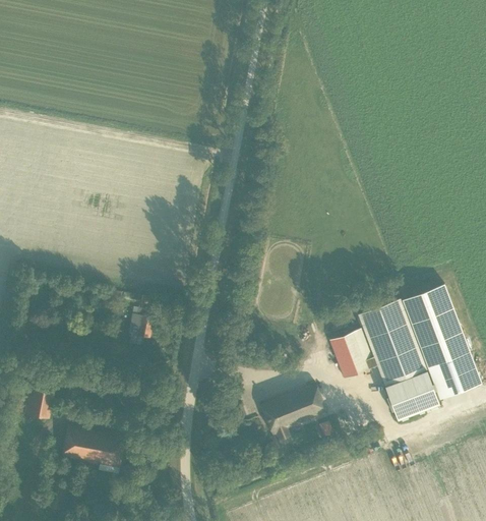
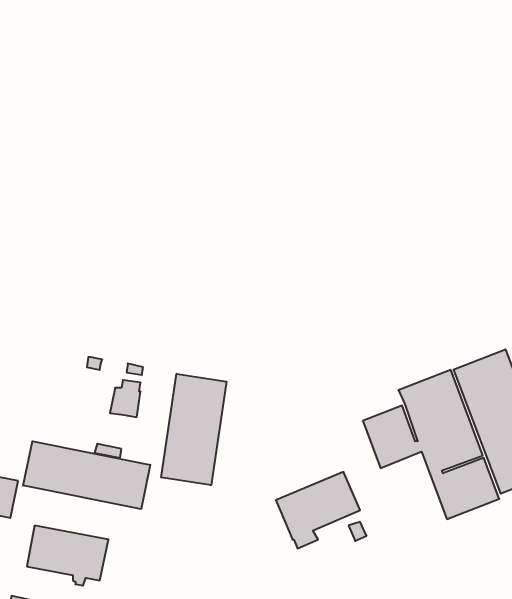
building: none -> [161,374,227,485]
building: none -> [23,441,150,509]

